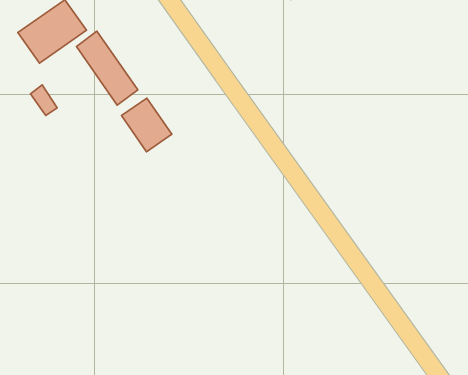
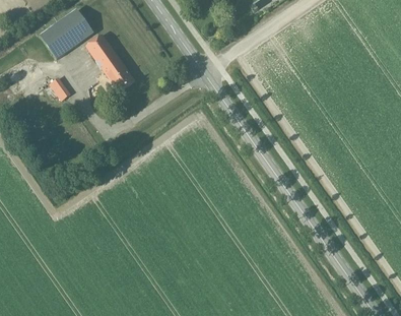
building: [121,98,172,152] -> none

